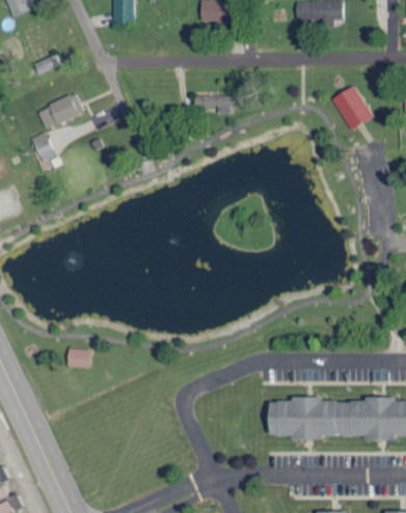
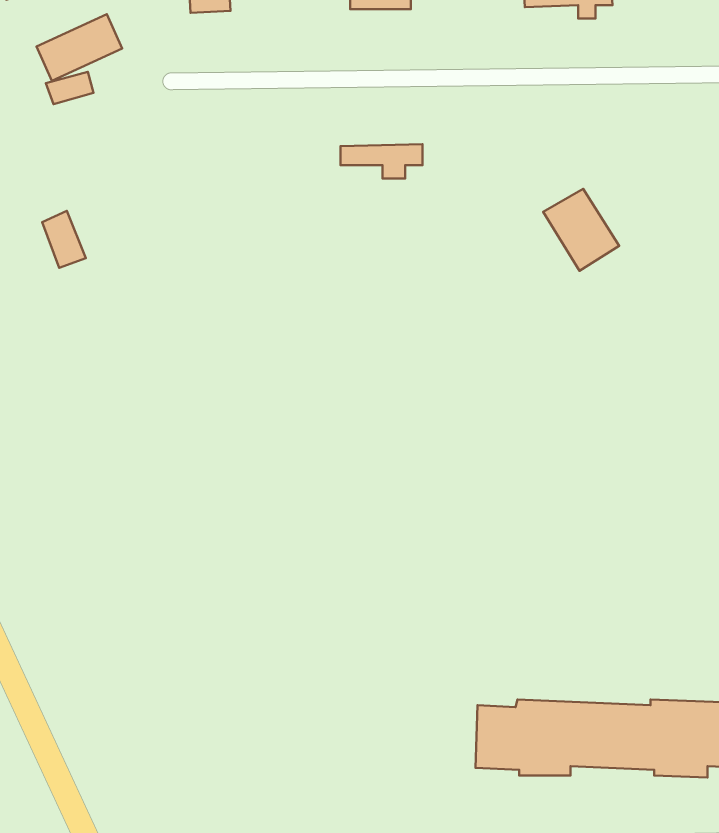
building: [331,85,373,130] -> [543,189,619,271]
building: [36,92,83,129] -> [36,14,122,81]
building: [66,347,90,368] -> none

